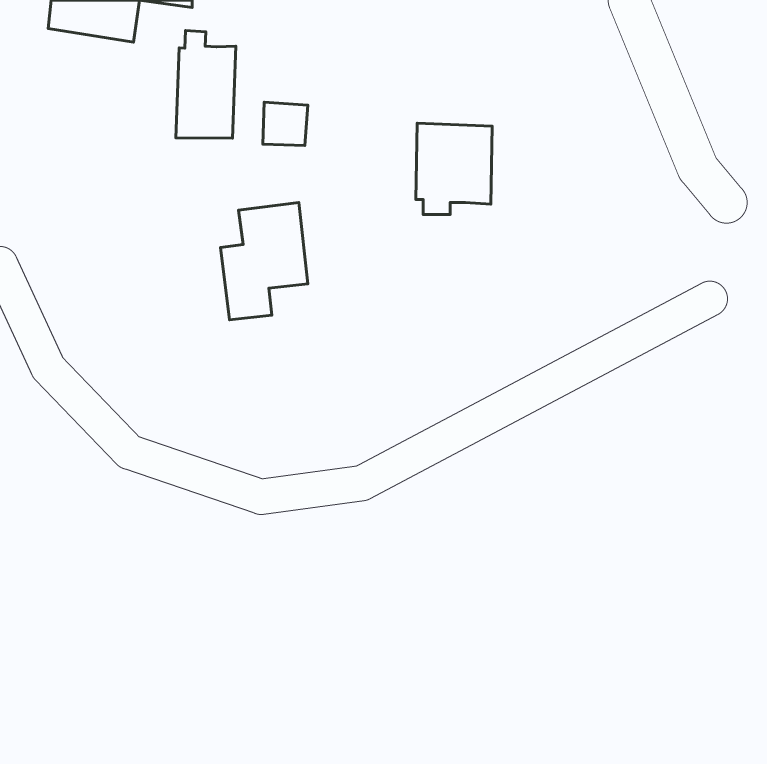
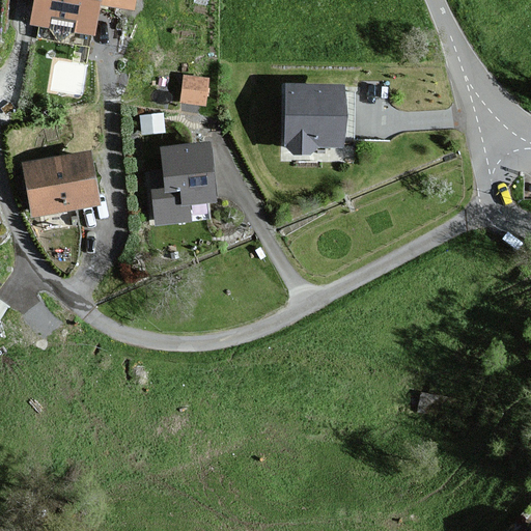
building: [176,31,236,138] -> none
building: none -> [24,152,99,214]

